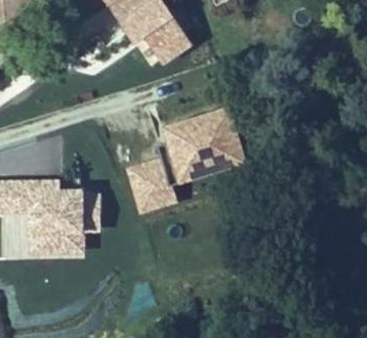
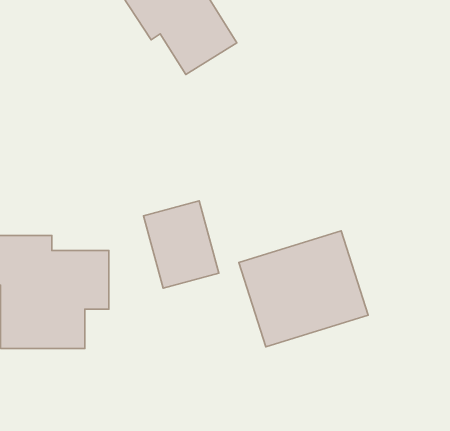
building: [164,100,252,179] -> [239,231,368,347]

